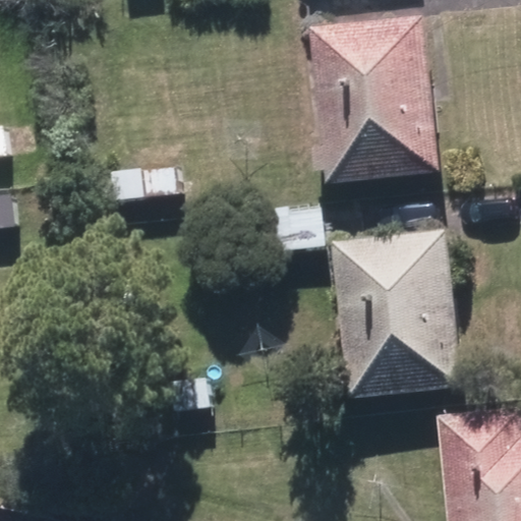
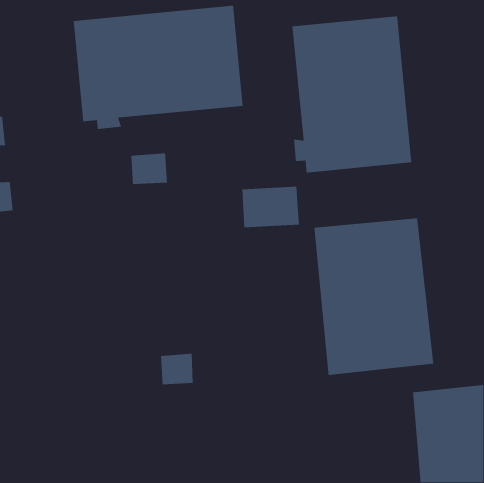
building: none -> [73,5,244,130]

